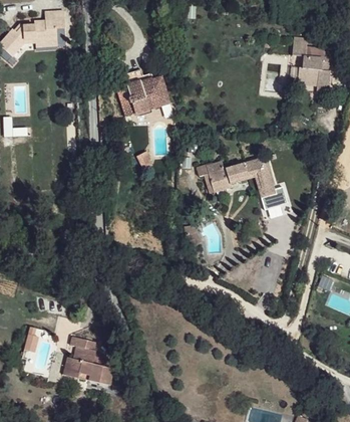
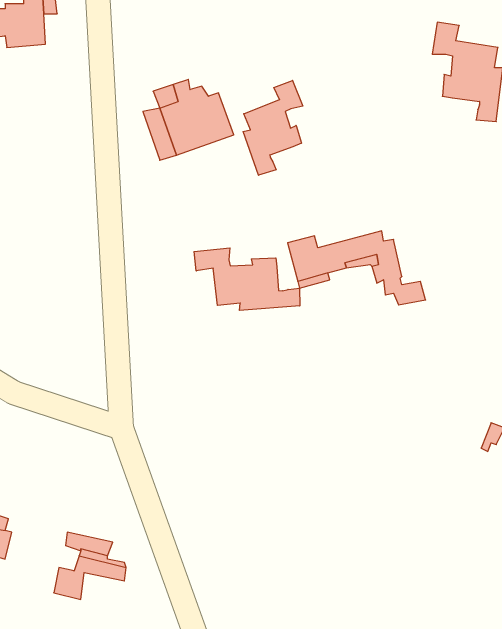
building: none -> [243,80,303,175]
building: none -> [194,248,300,310]
building: [78,363,113,387] -> none

